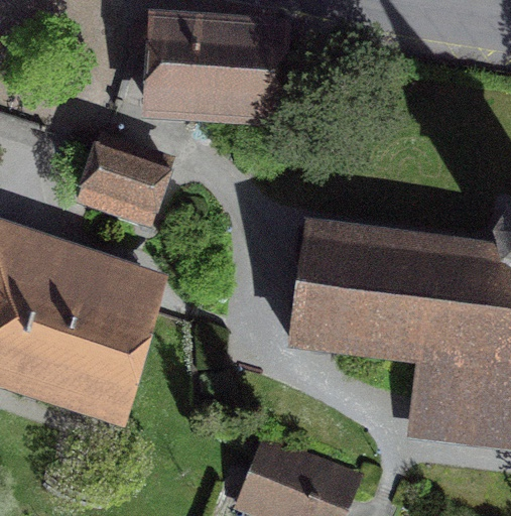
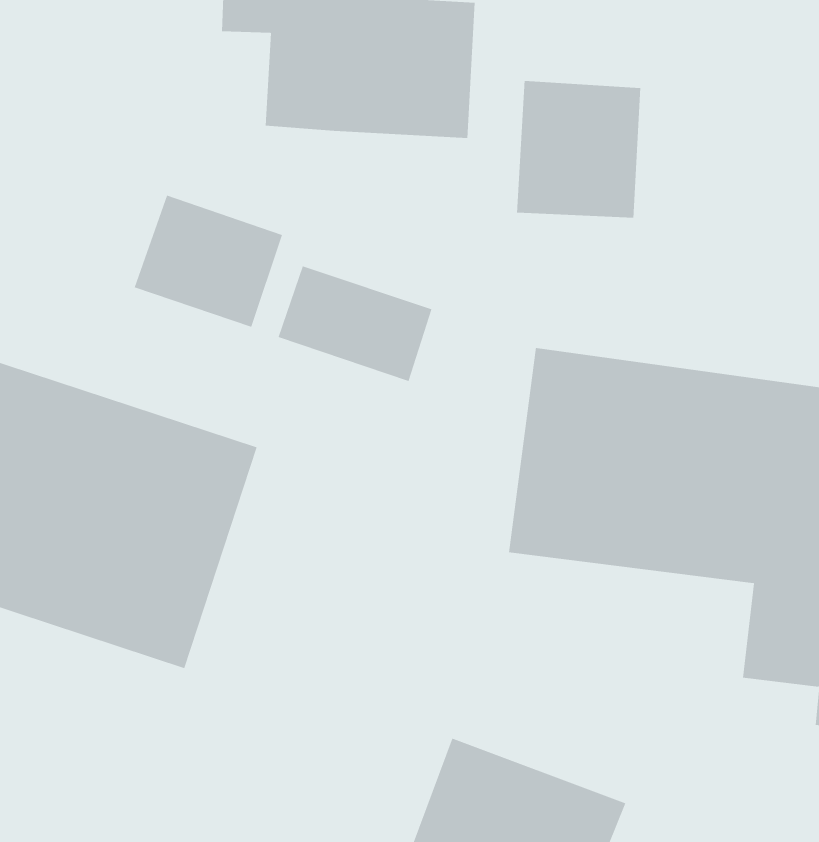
building: none -> [516,80,641,218]
building: none -> [278,266,432,382]

